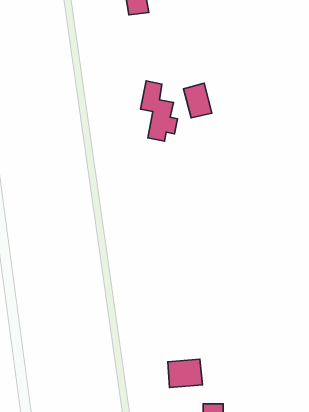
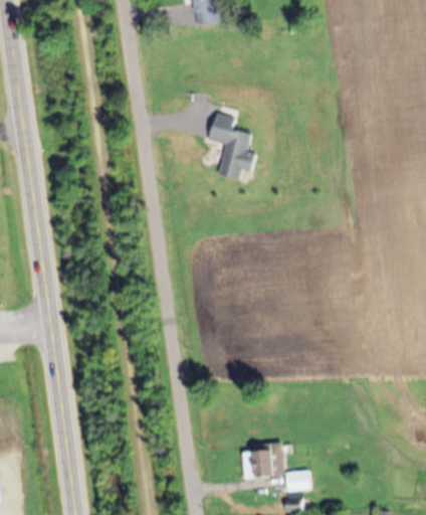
building: [184,83,212,118] -> none
building: none -> [287,472,310,490]

